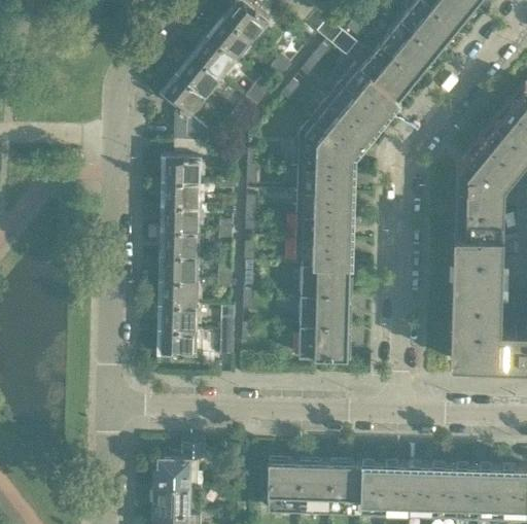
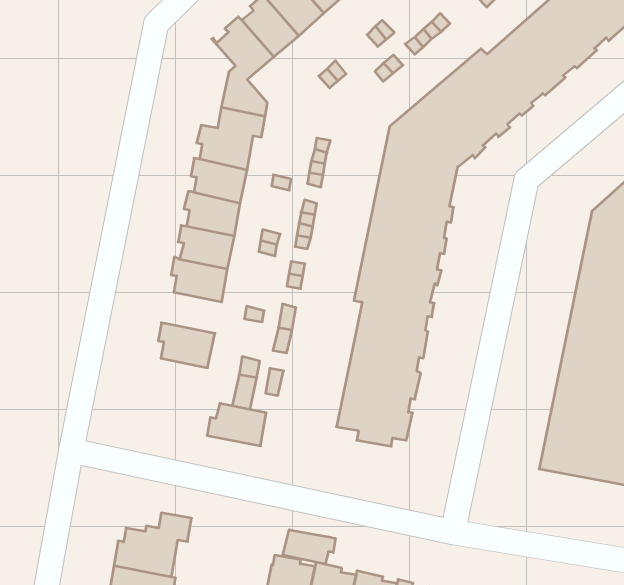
building: [157,280,199,306] -> none
building: [156,330,197,356] -> [207,403,266,446]
building: none -> [283,530,335,564]

